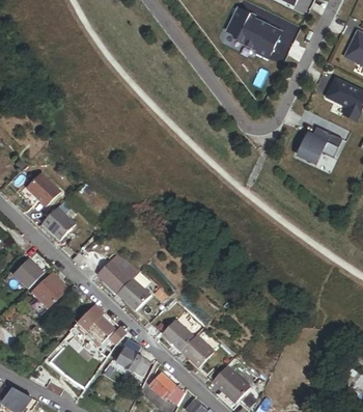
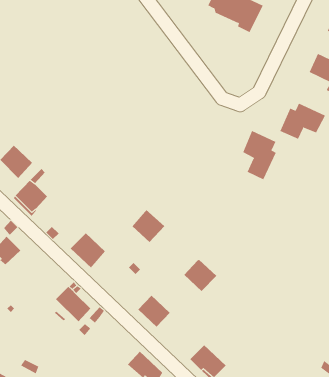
building: none -> [242,130,276,180]
building: [35,272,71,307] -> none
building: [113,273,146,306] -> [131,209,165,243]
building: [177,332,211,364] -> [183,259,217,292]
building: [116,342,146,379] -> none

